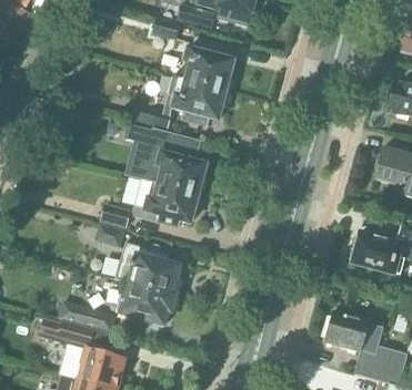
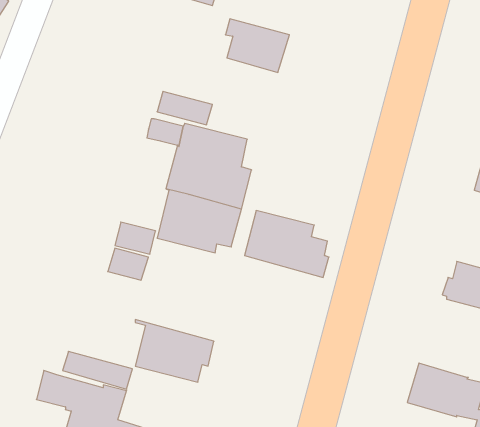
building: [168,74,224,125] -> none
building: [115,243,180,294] -> [245,211,329,277]

